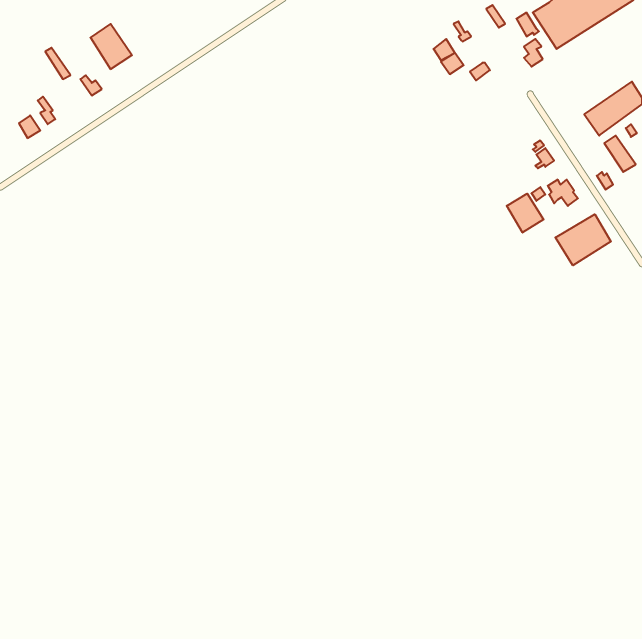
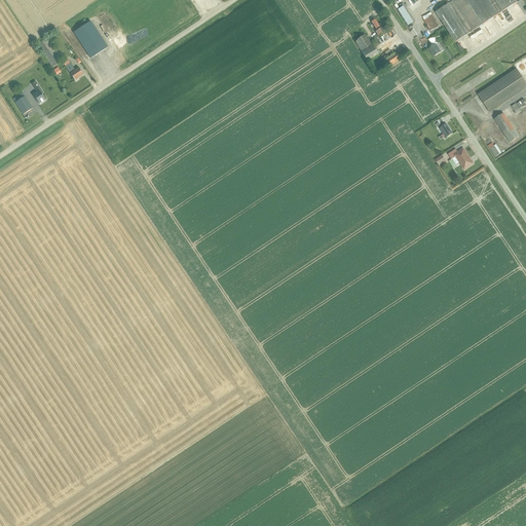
building: [507,194,544,233] -> none
building: [555,214,611,265] -> none

